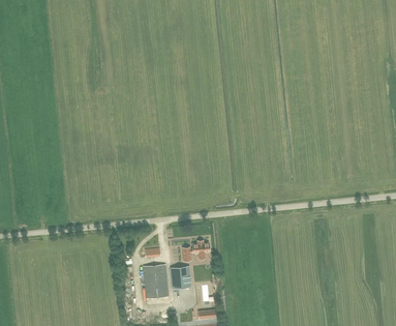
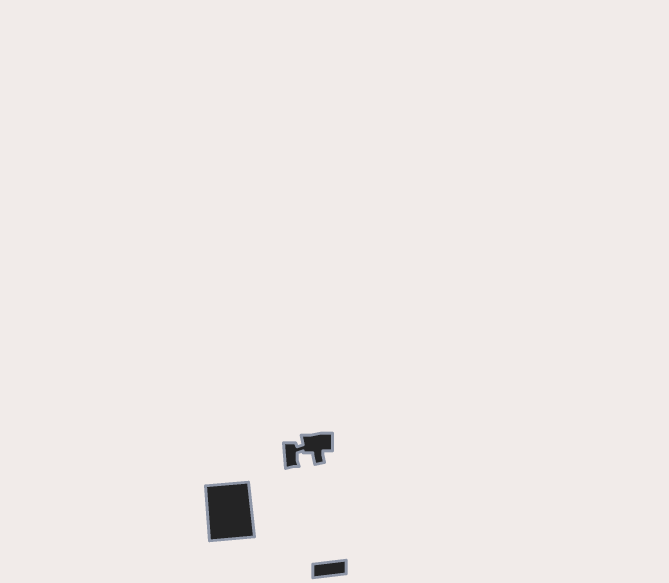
building: [171,266,191,289] -> none

